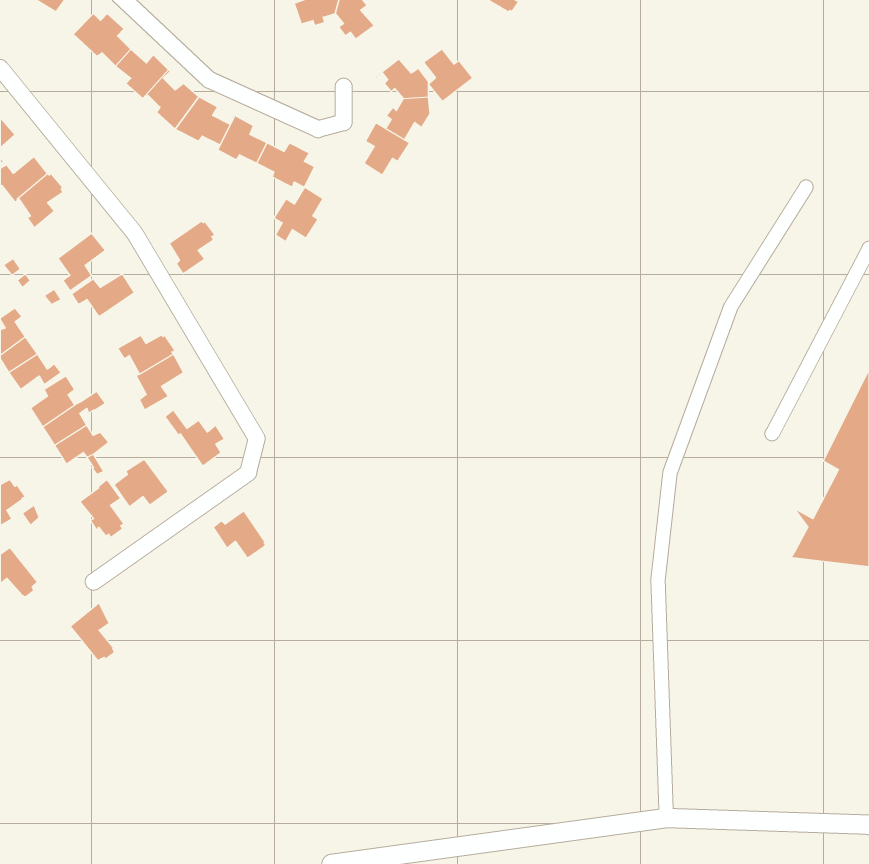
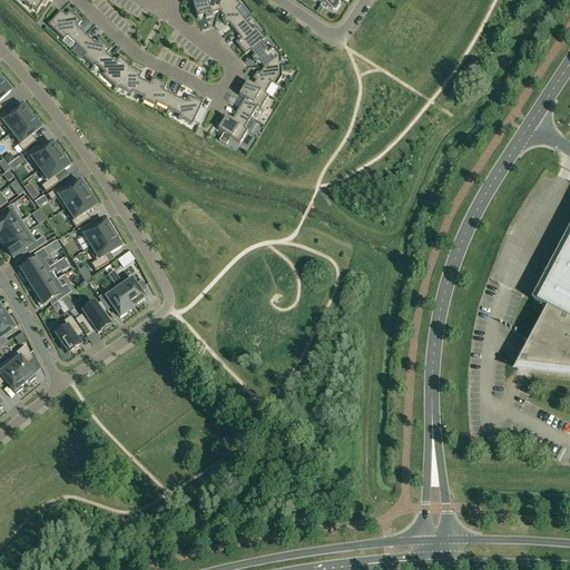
building: [423,49,473,101] -> [233,17,265,51]
building: [274,187,323,242] -> [218,107,250,142]
building: none -> [24,140,61,169]
building: [169,221,215,274] -> [67,191,97,226]
building: [213,511,266,558] -> [98,284,132,315]
building: [70,603,114,661] -> [7,343,36,381]

